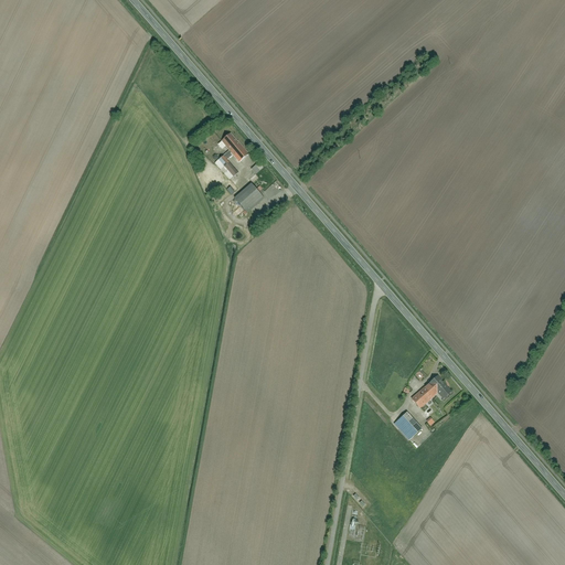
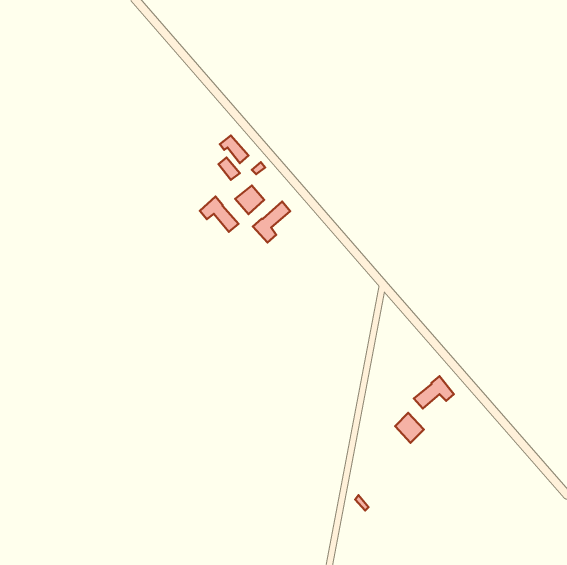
building: none -> [200,197,239,232]
building: none -> [253,202,290,242]

